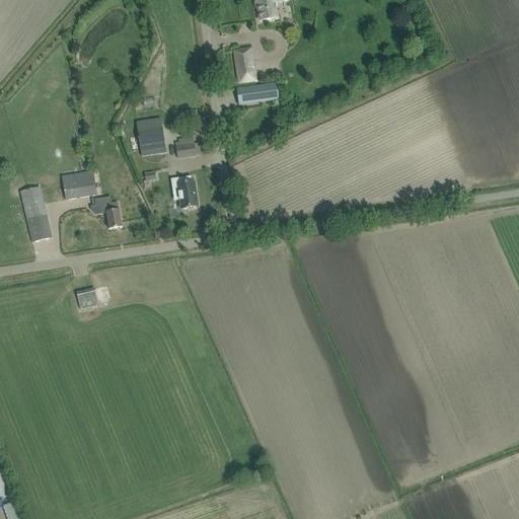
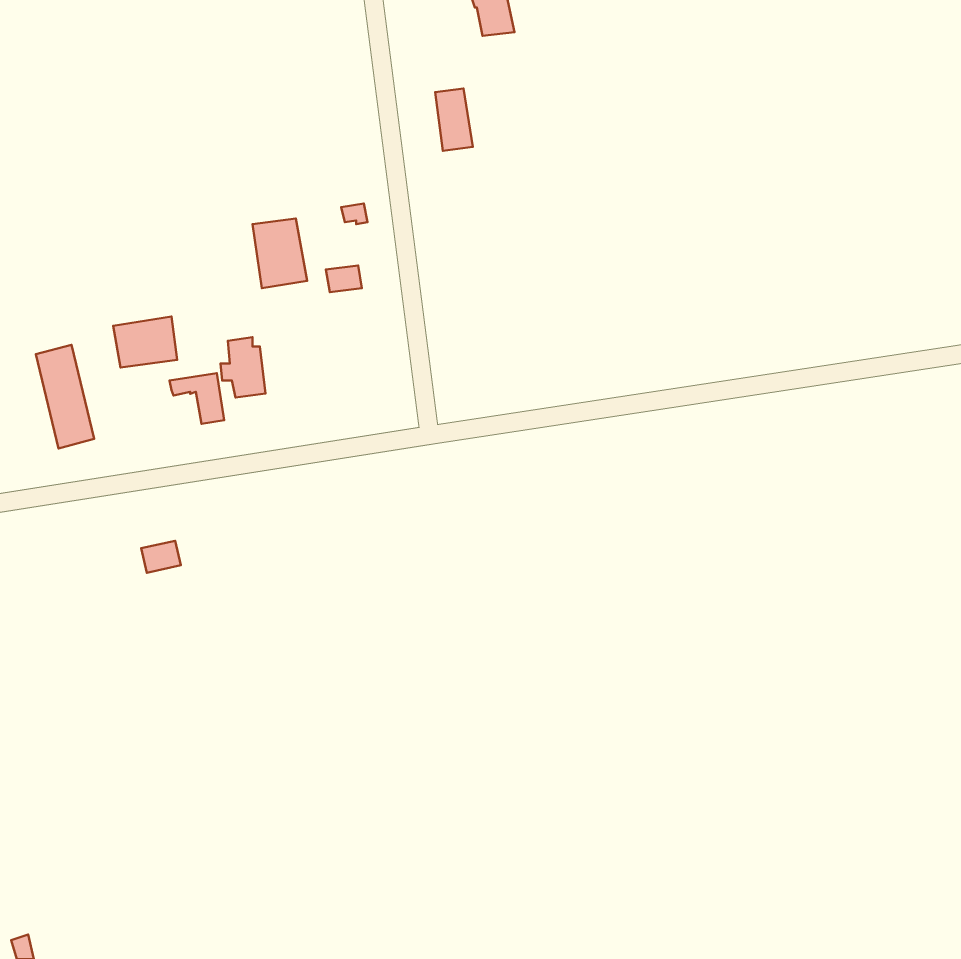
building: [236,82,278,103] -> none
building: [172,175,197,208] -> [220,337,266,397]

